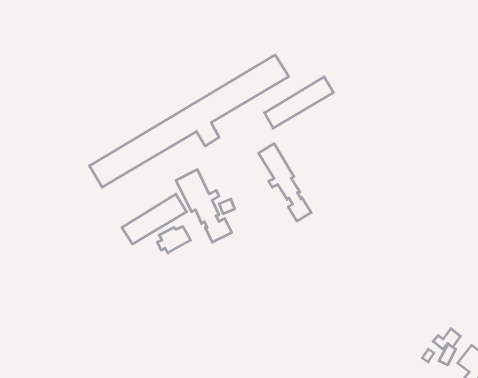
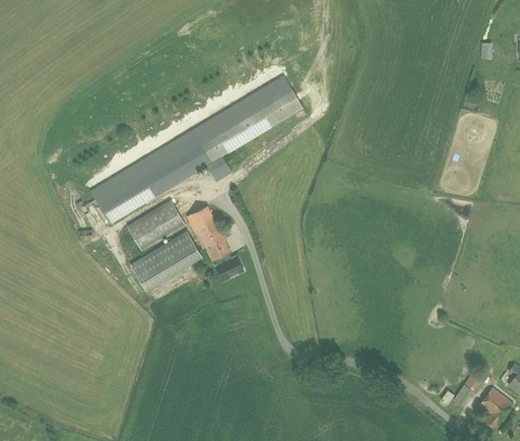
building: [264,77,333,128] -> none
building: [259,144,311,221] -> none
building: none -> [125,196,183,247]

